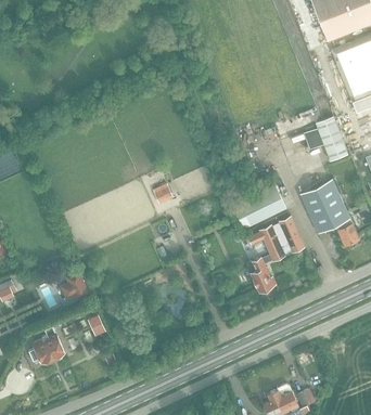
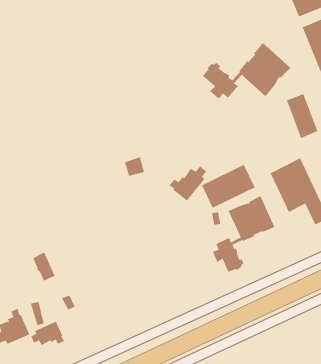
building: none -> [202,42,291,99]
building: none -> [169,166,207,201]
building: none -> [30,321,65,346]

